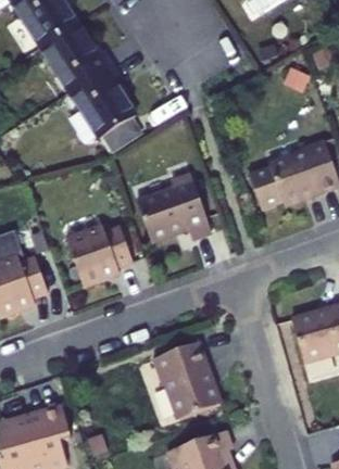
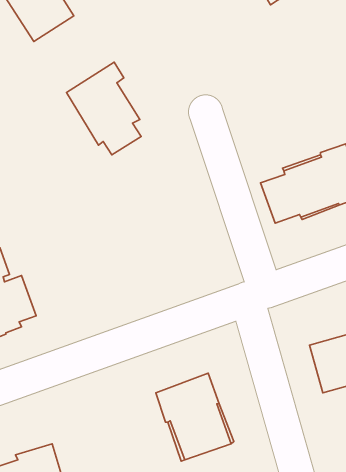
building: [45,25,116,93] -> none
building: [135,174,210,242] -> none
building: [65,226,131,286] -> none

